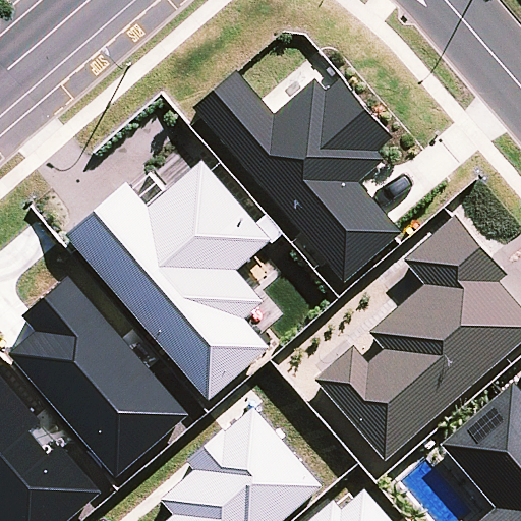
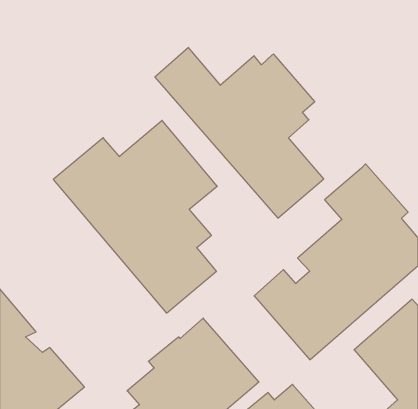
building: [12,277,192,479] -> none

